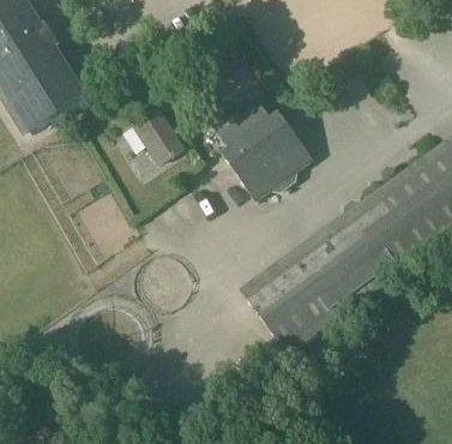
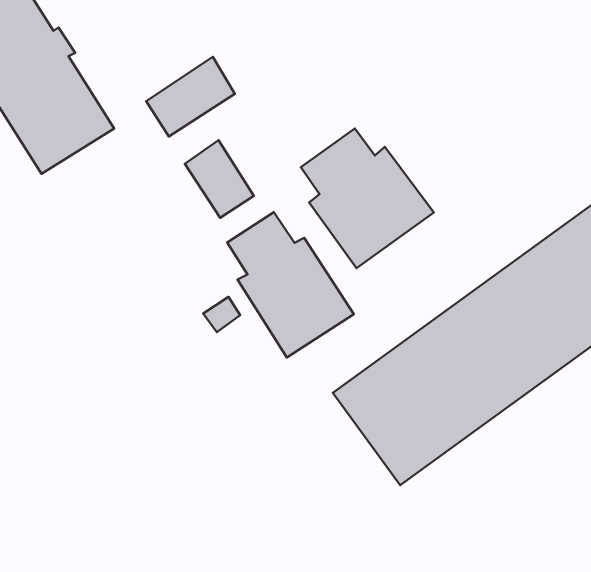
building: none -> [146,57,235,136]
building: none -> [227,212,354,358]

